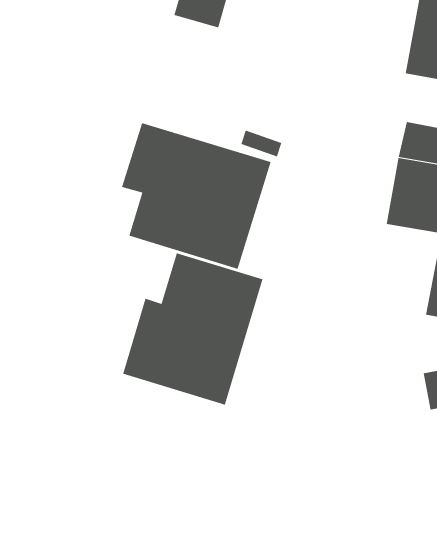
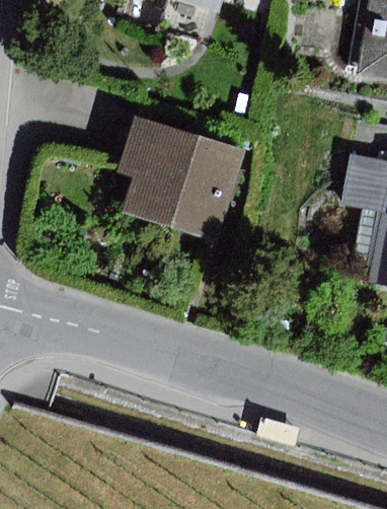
building: [123,252,263,406] -> none

